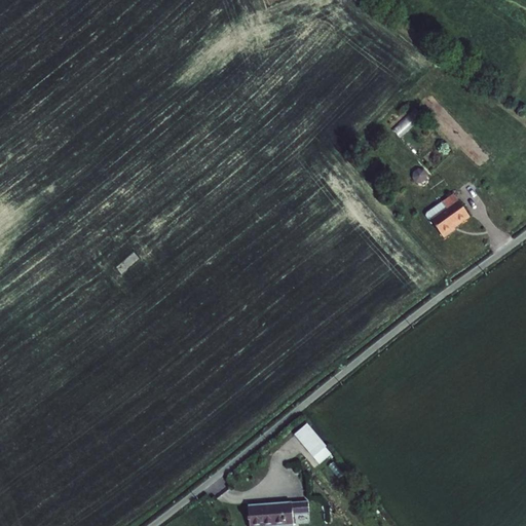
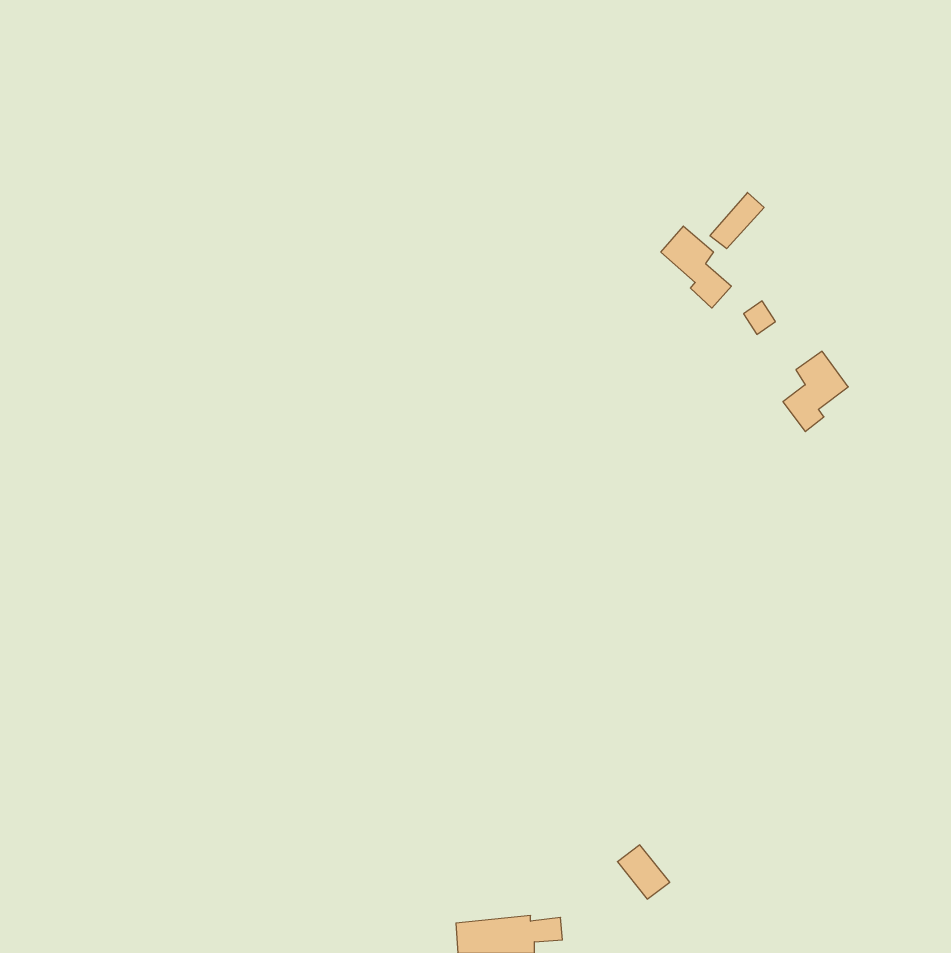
building: none -> [661,226,731,308]
building: [296,424,325,454] -> [617,845,670,899]

